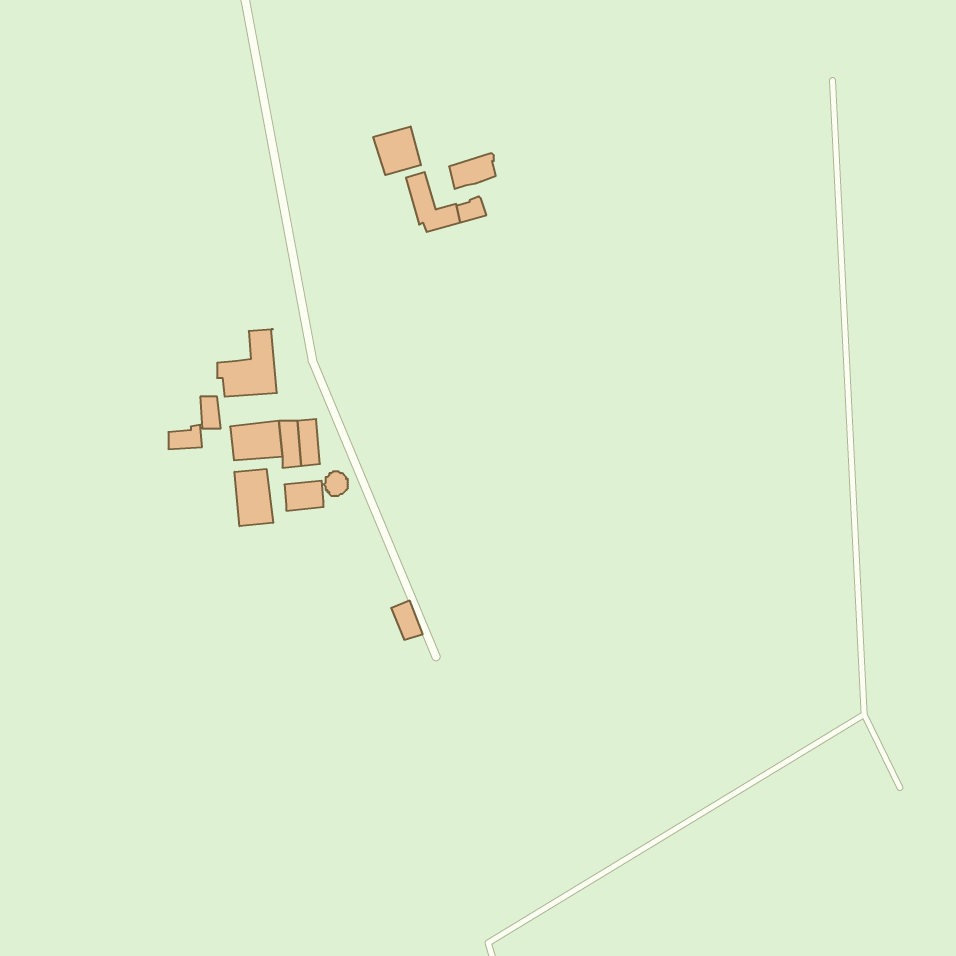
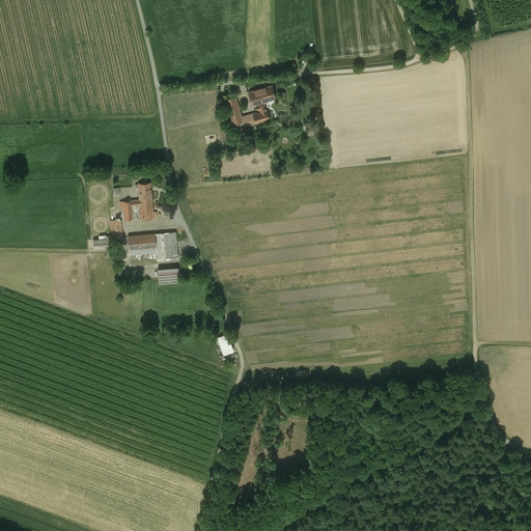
building: [373,126,421,175] -> none
building: [235,469,273,526] -> none

